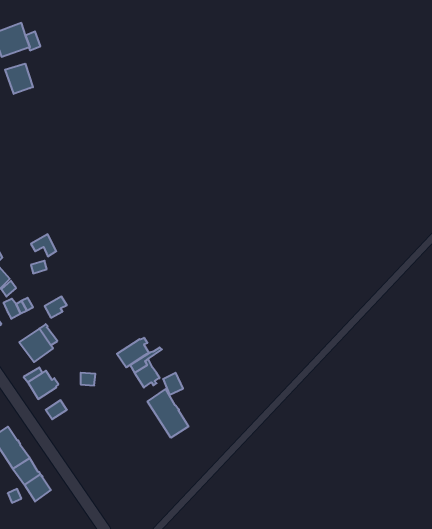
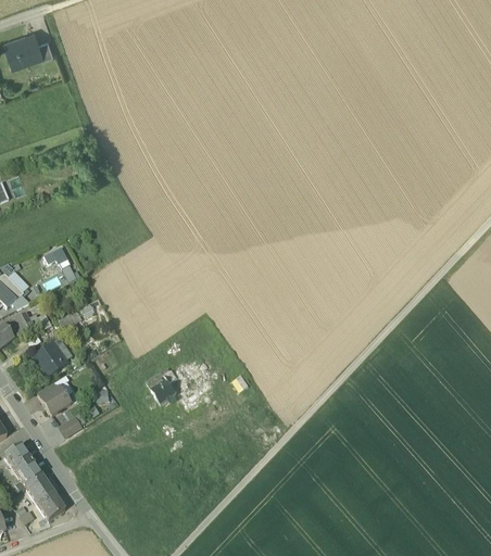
building: [5,64,33,94] -> none
building: [117,338,149,367] -> none
building: [148,389,188,438] -> none

